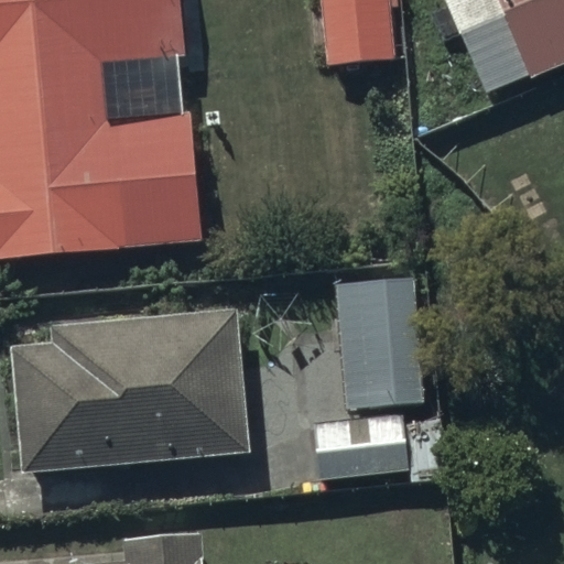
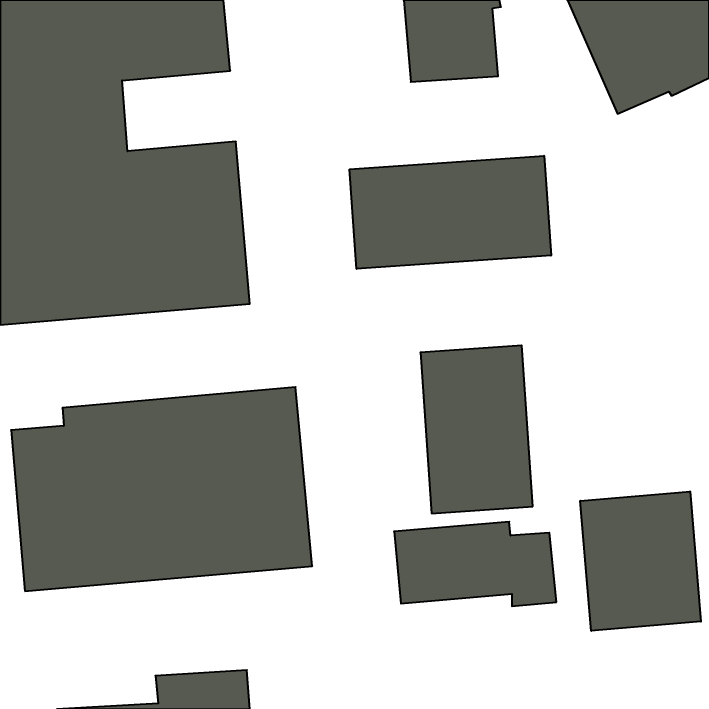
building: none -> [350,156,551,269]
building: none -> [580,491,701,631]

